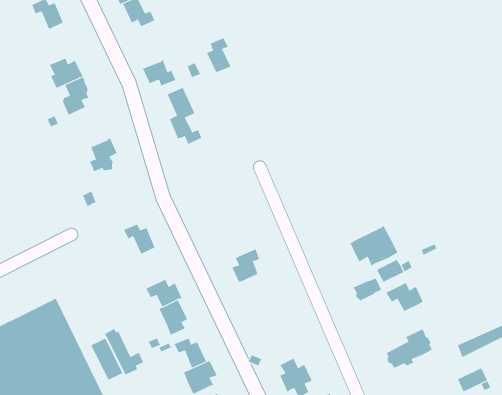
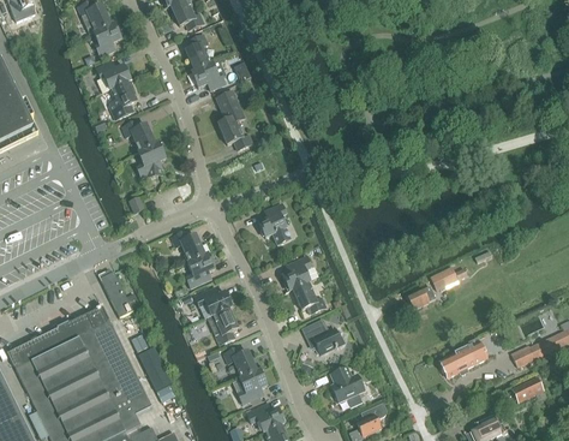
building: none -> [94,22,121,55]
building: [206,38,231,73] -> [185,34,210,70]
building: none -> [122,119,155,150]
building: none -> [258,202,291,244]
building: [350,226,398,267] -> none
building: none -> [186,252,215,287]
building: none -> [293,281,325,312]
building: [386,282,424,312] -> none
building: none -> [305,324,345,353]
building: [104,328,144,375] -> [98,268,139,316]

